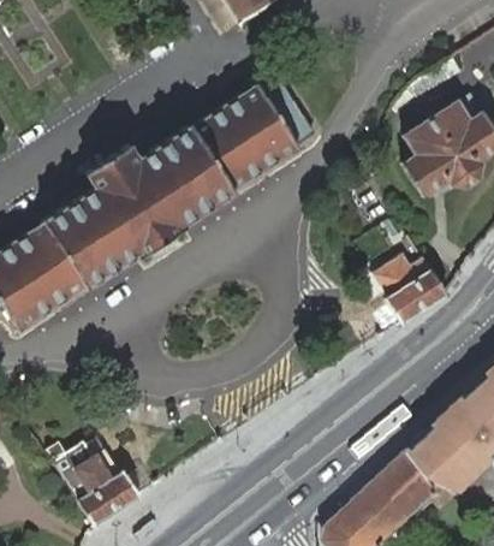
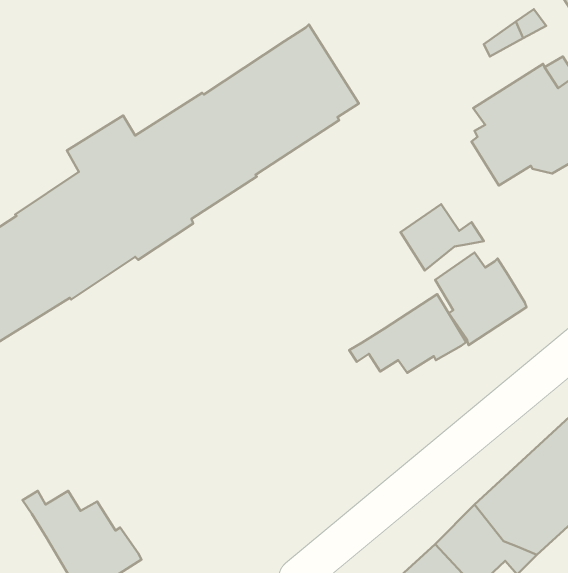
building: none -> [400,204,484,270]
building: none -> [349,294,466,373]

